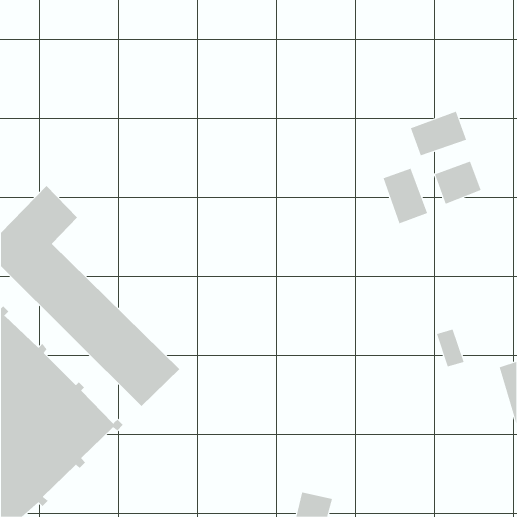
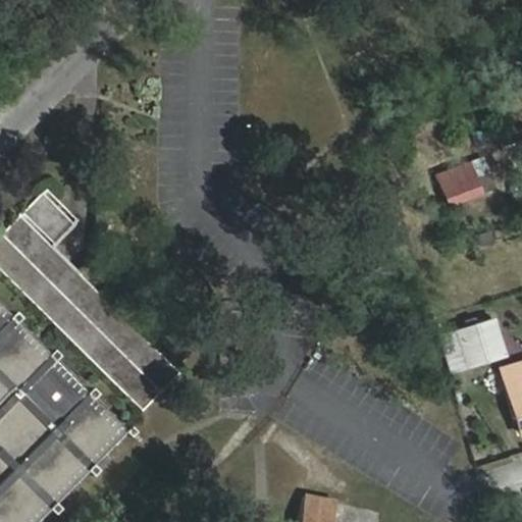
building: [410,111,467,156] -> none
building: [383,168,428,224] -> none
building: none -> [457,320,504,365]

